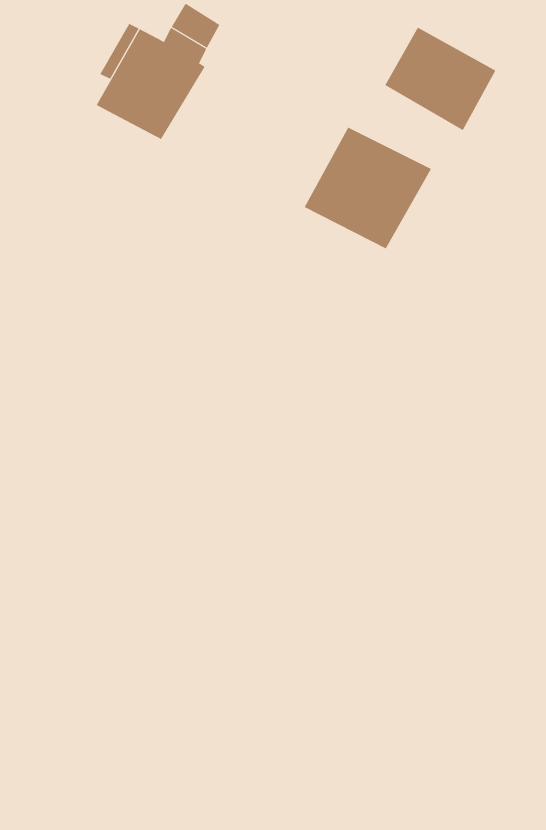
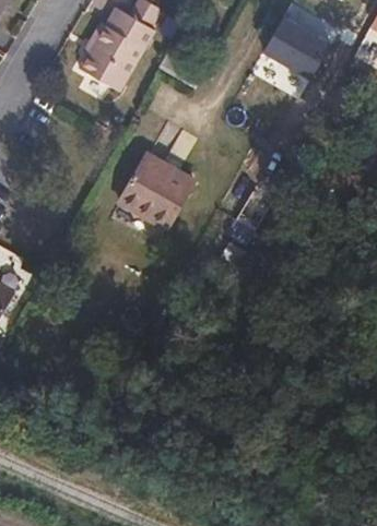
building: [304,127,432,249] -> [122,141,199,214]

